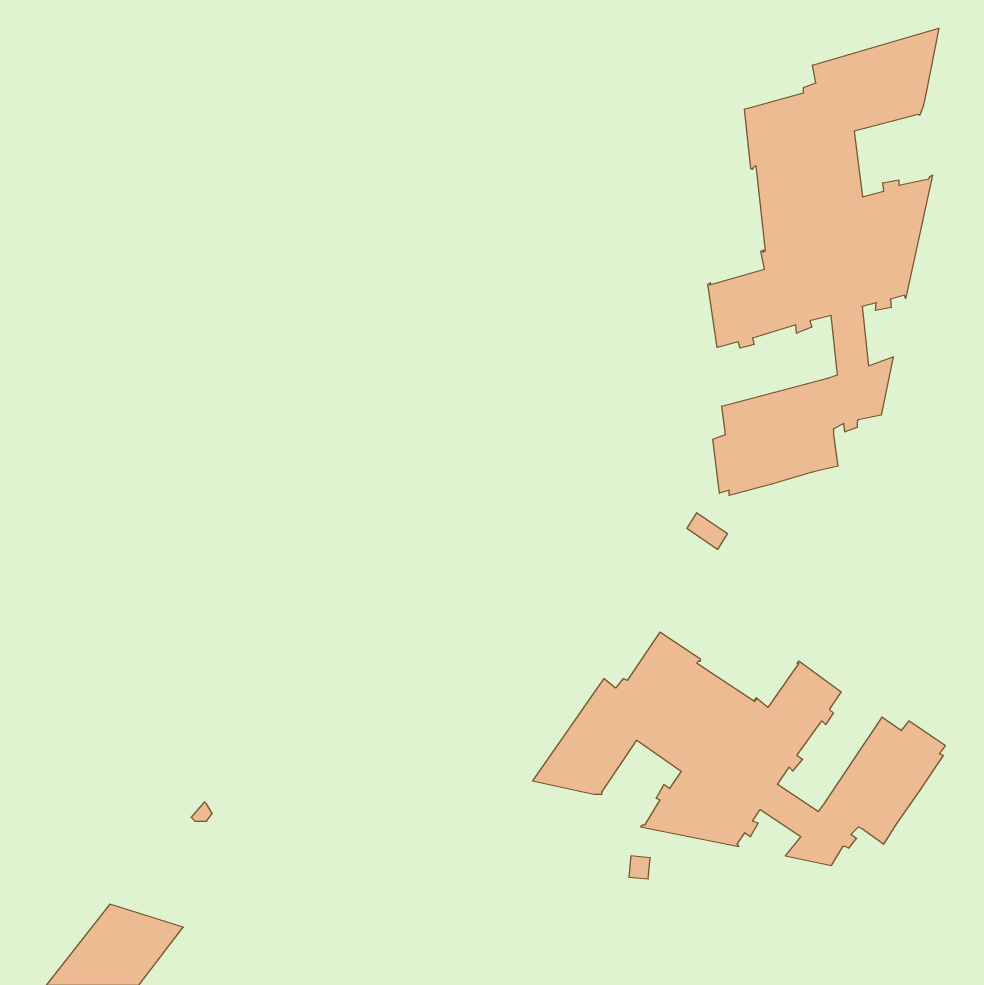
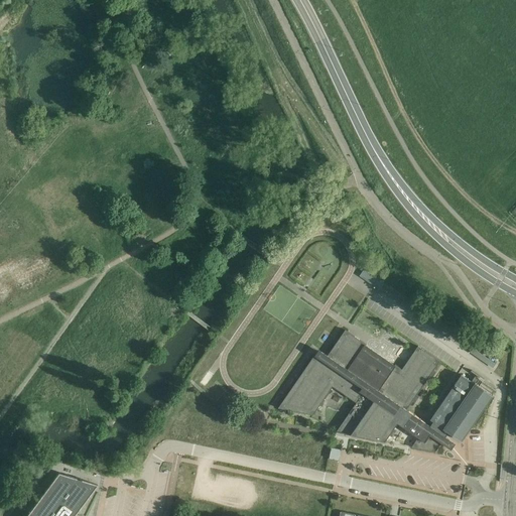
building: [708,28,939,495] -> none

